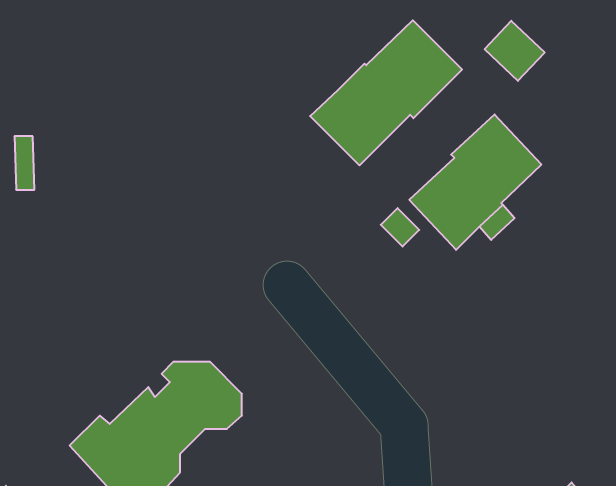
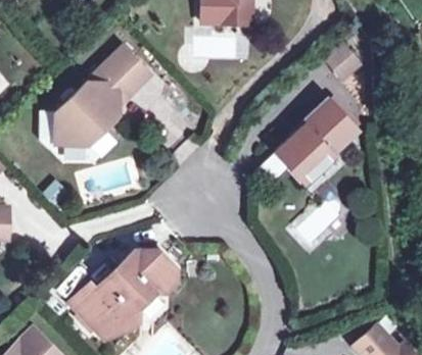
building: [310,20,462,165] -> none
building: none -> [57,49,151,146]

